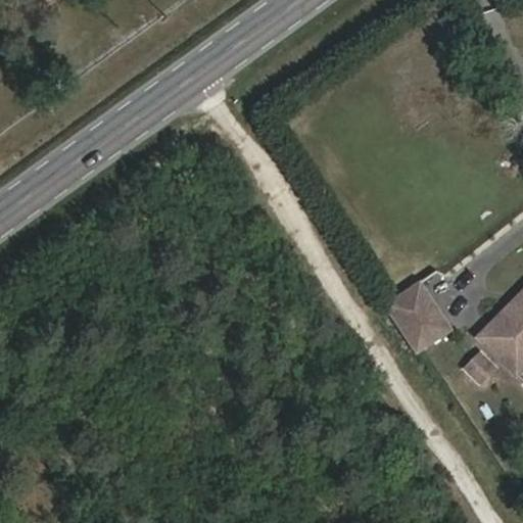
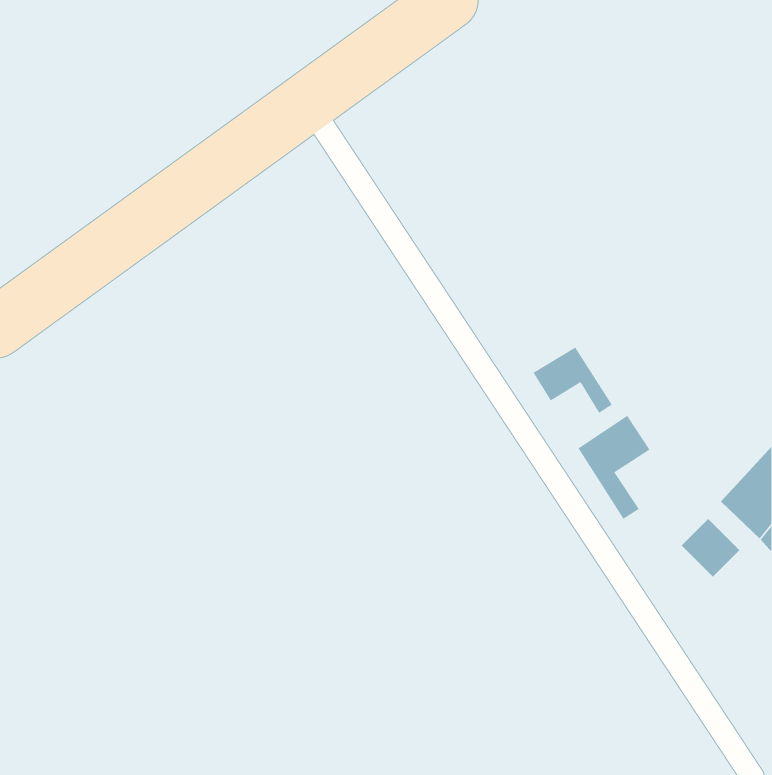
building: none -> [533,346,613,414]
building: [414,303,453,343] -> none

